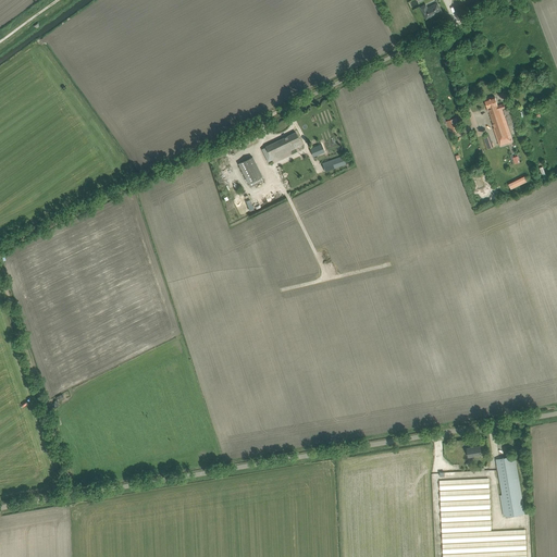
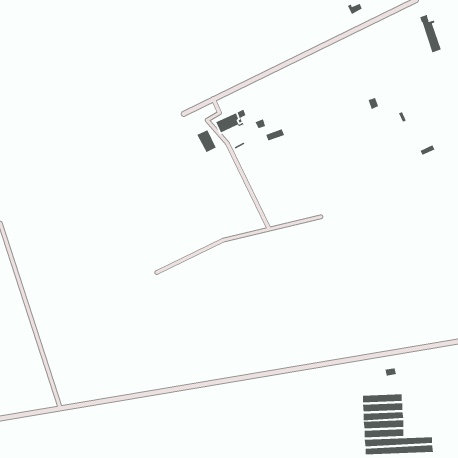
building: [485,97,512,145] -> [419,14,442,53]
building: [496,456,524,516] -> none

